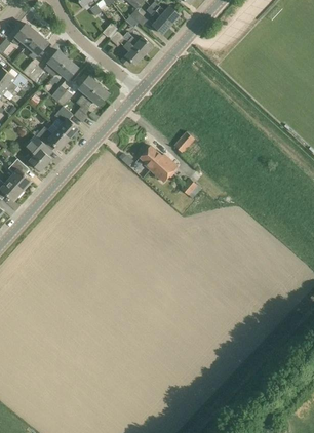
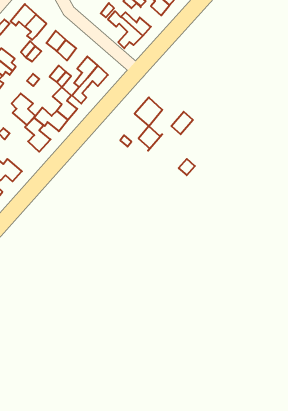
building: [149,153,176,182] -> [135,97,162,126]
building: [7,158,31,190] -> [12,93,35,125]

